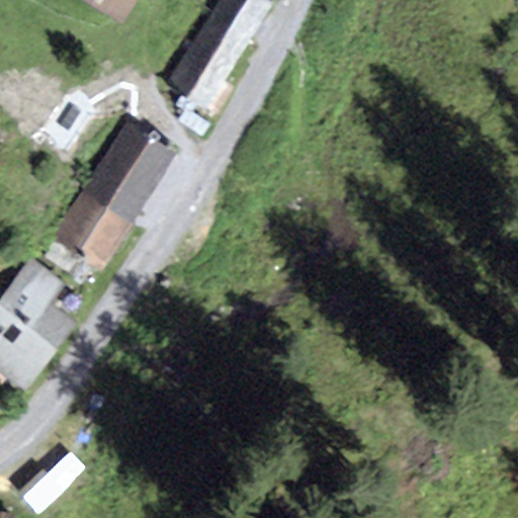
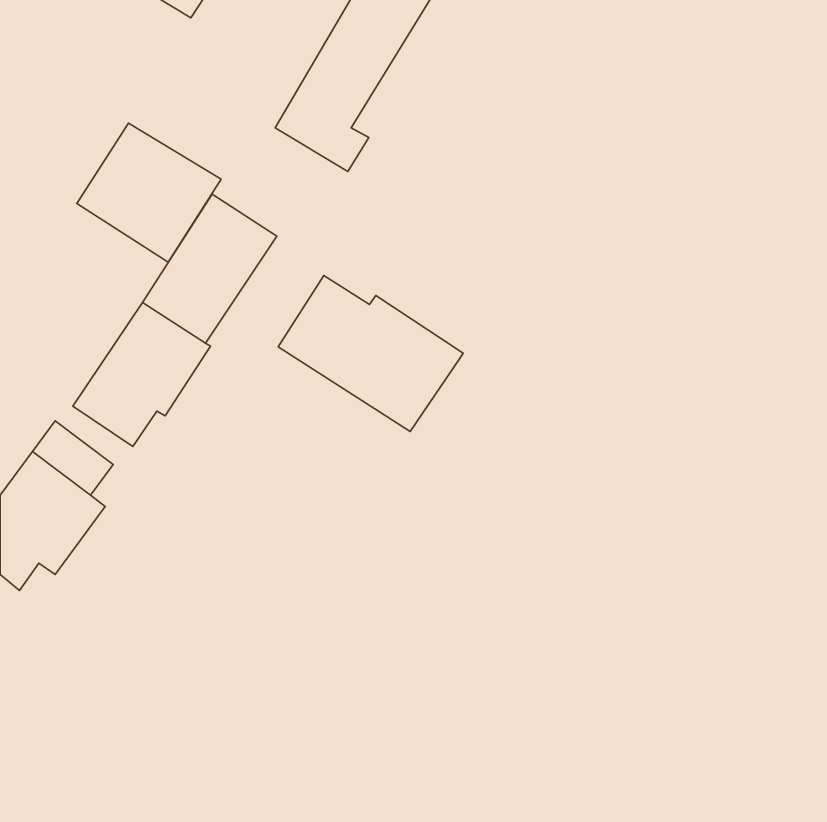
building: none -> [77,123,221,262]
building: none -> [278,275,463,431]

